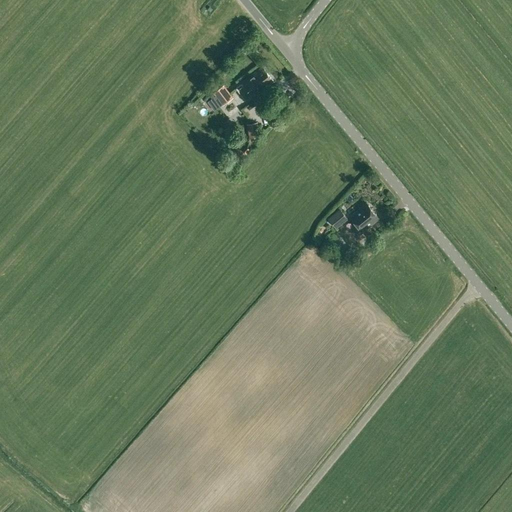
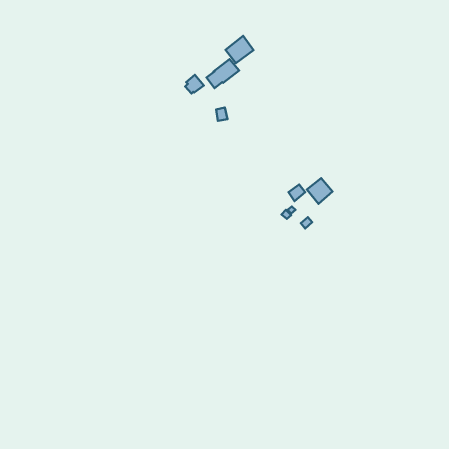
building: none -> [225,36,253,63]

